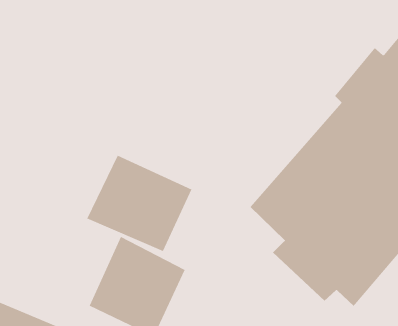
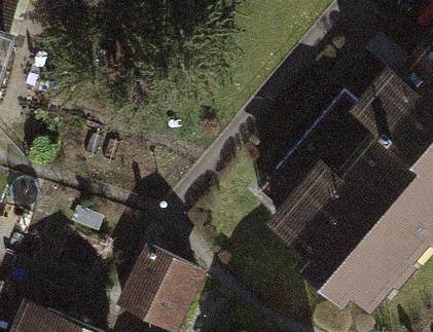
building: [86,155,192,252] -> none

